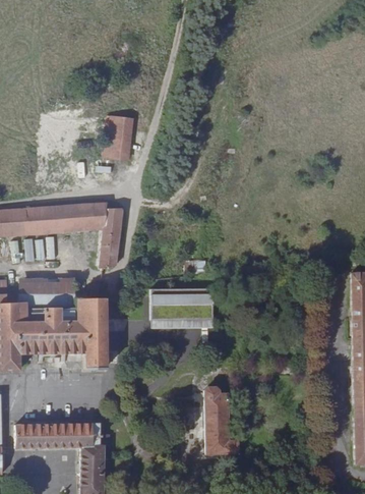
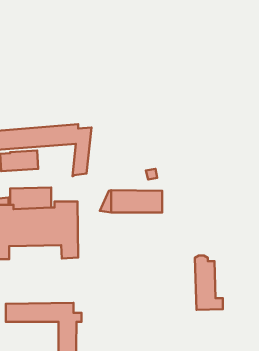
building: [103,115,132,160] -> none
building: [204,386,239,453] -> [195,255,223,310]

